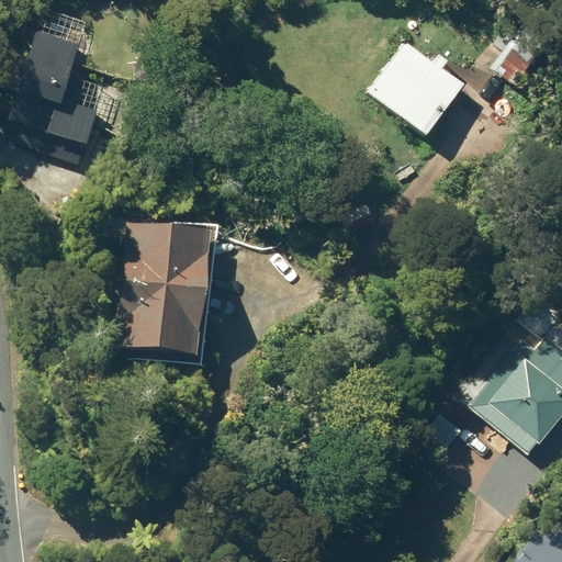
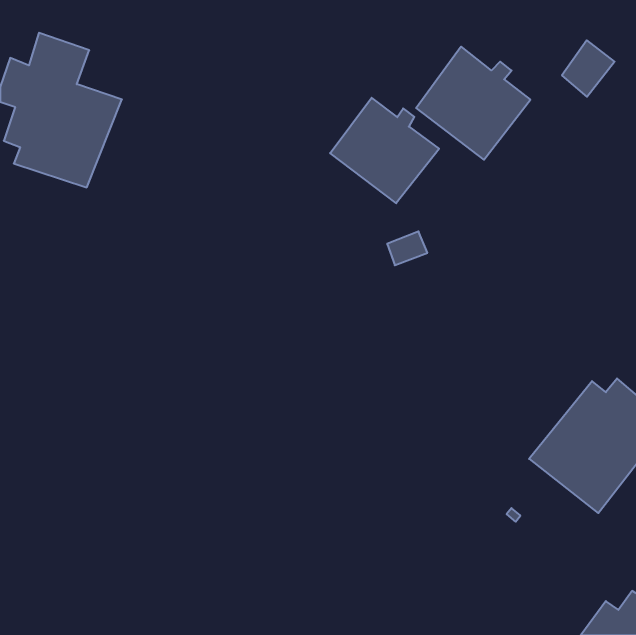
building: none -> [330,98,439,203]
building: [112,225,213,359] -> none

